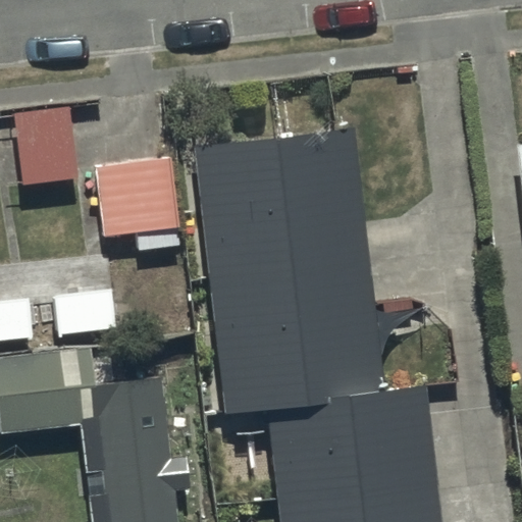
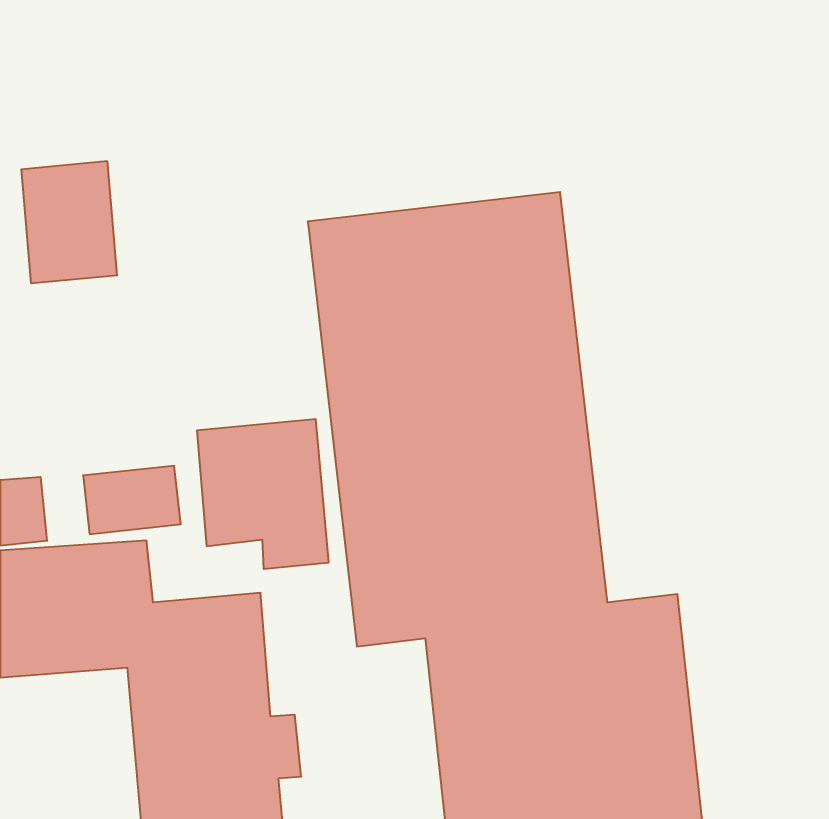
building: [97,158,179,252] -> [197,419,329,569]

